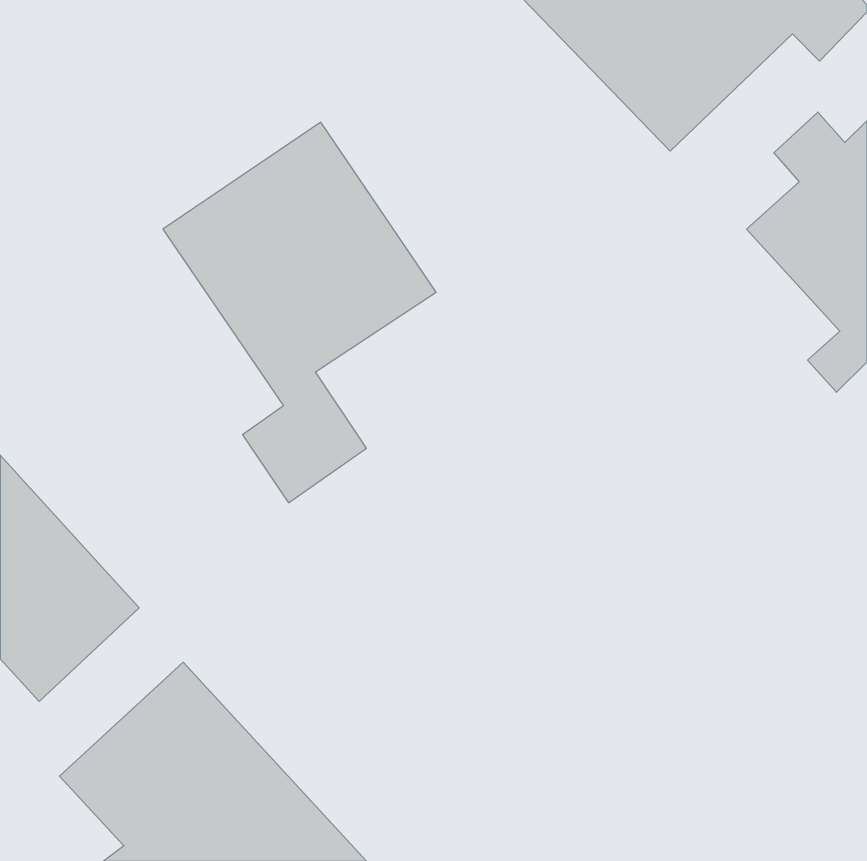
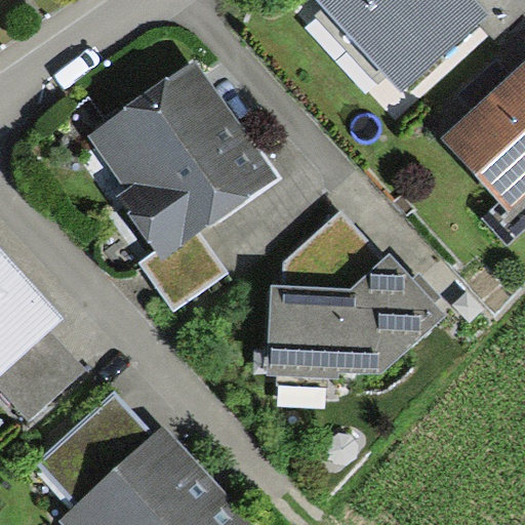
building: none -> [269,216,440,372]

